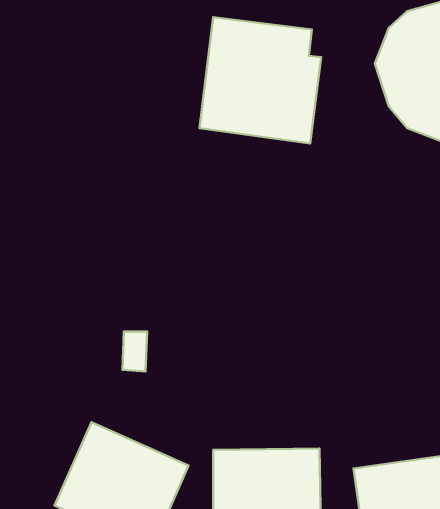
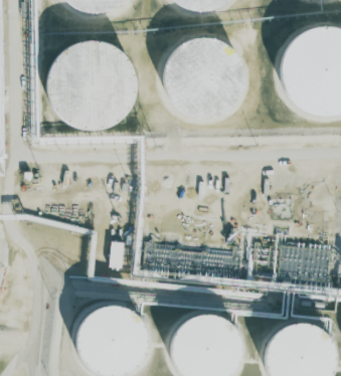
building: none -> [46,40,142,131]

